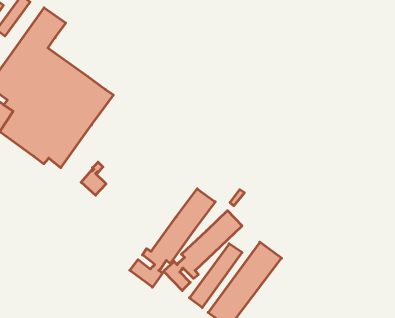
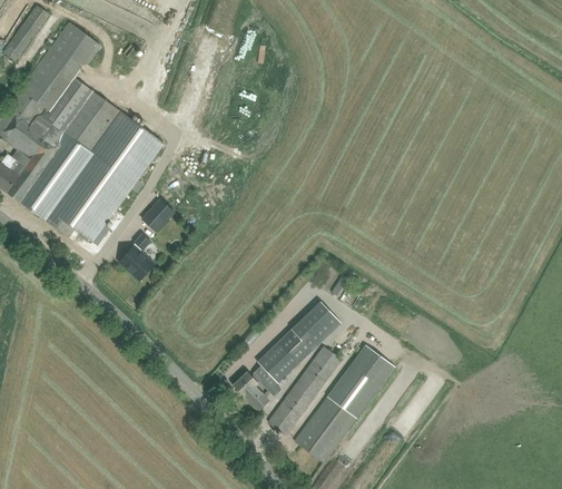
building: none -> [140,197,175,232]
building: [130,189,215,287] -> none

